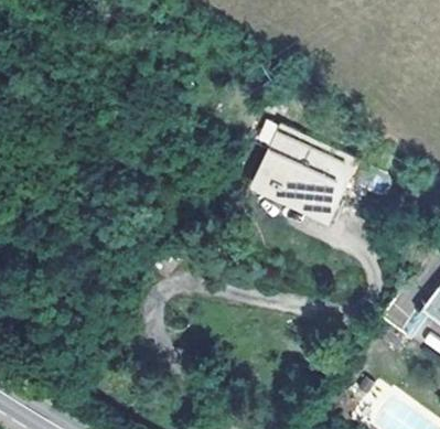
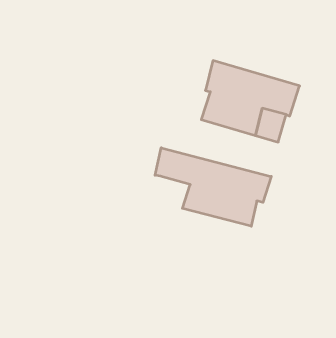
building: none -> [155,148,271,226]

